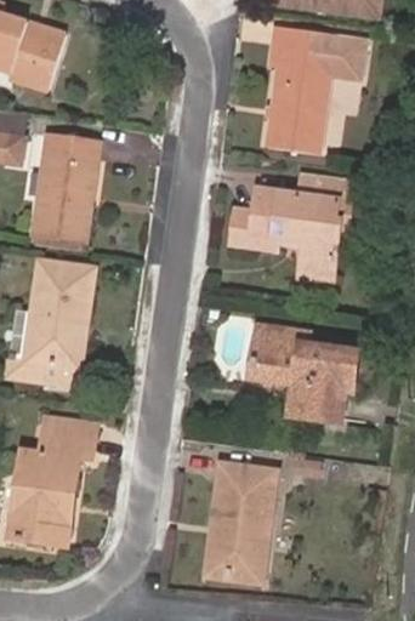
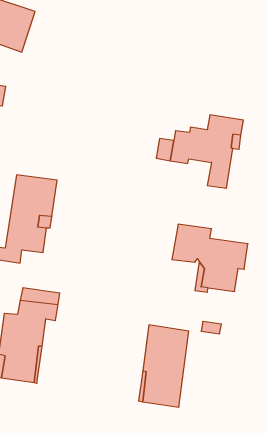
building: [266,27,366,155] -> none
building: [33,133,101,238] -> none

